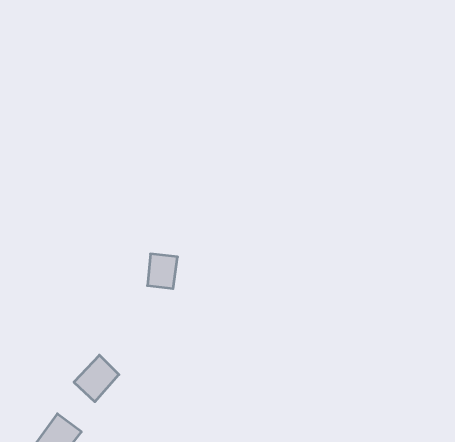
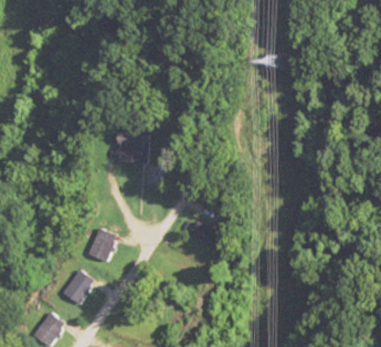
building: [147,254,178,289] -> [92,235,114,261]

